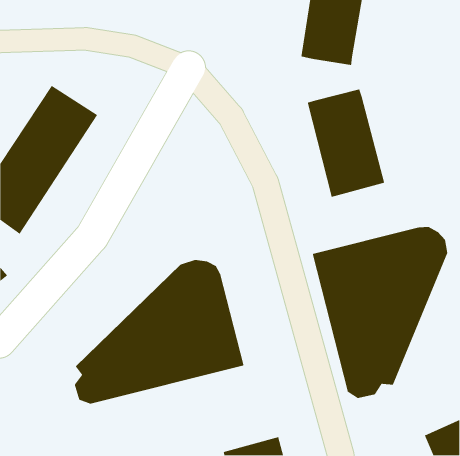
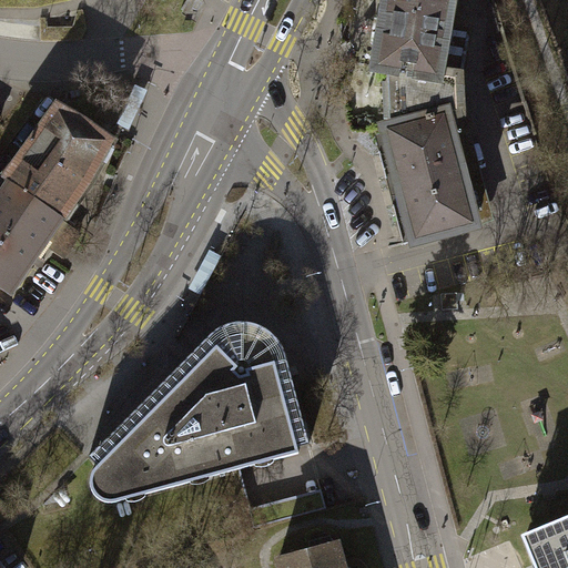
building: none -> [384,70,458,123]
building: [312,226,448,399] -> none

